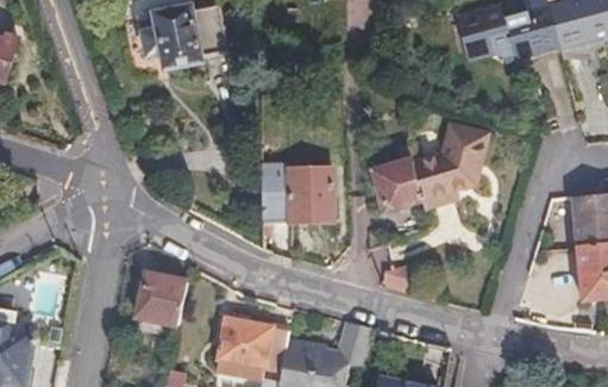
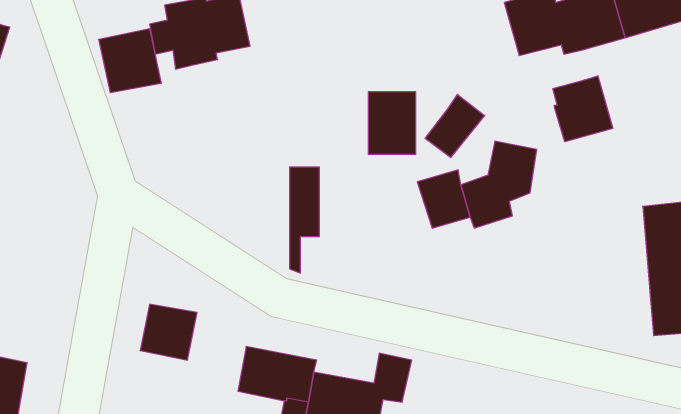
building: none -> [99,29,161,93]
building: none -> [553,76,613,142]
building: none -> [425,94,485,158]
building: [290,164,332,219] -> [368,92,416,154]

